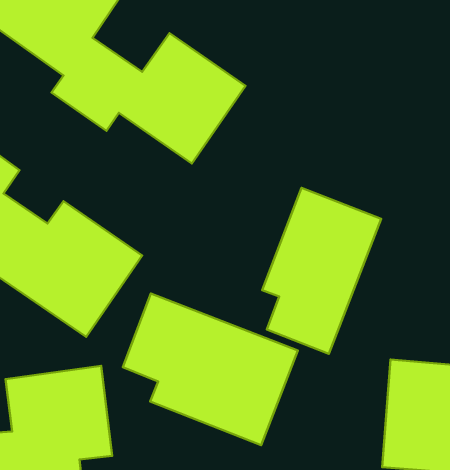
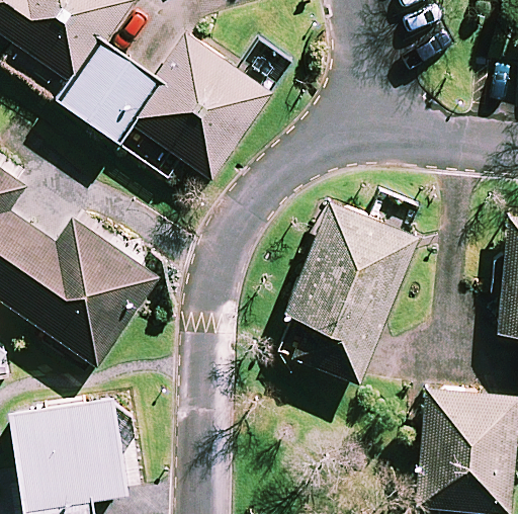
building: [123,294,298,445] -> none

